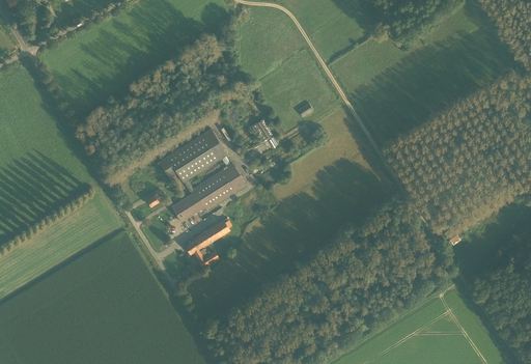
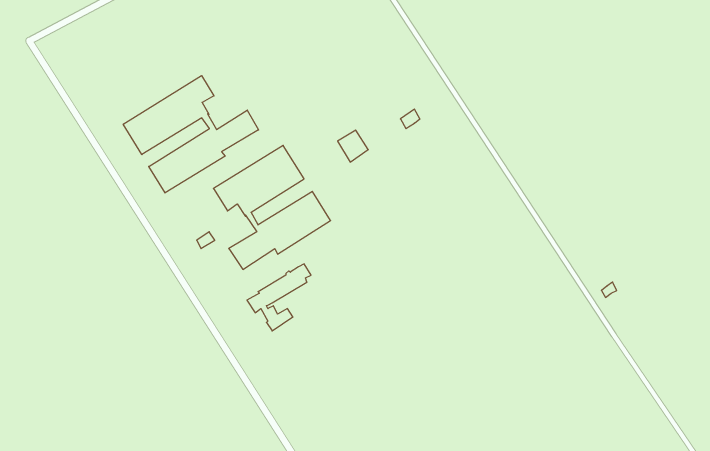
building: none -> [123,76,259,193]

